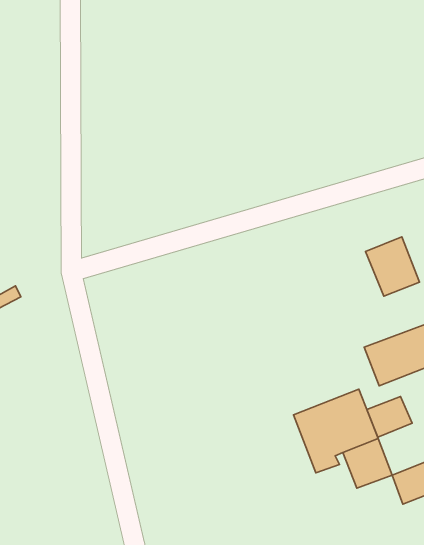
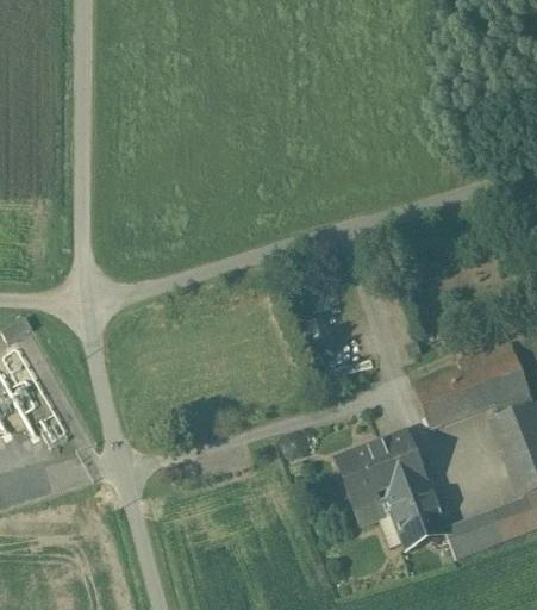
building: [365,237,419,296] -> none
building: [367,396,412,437] -> none

